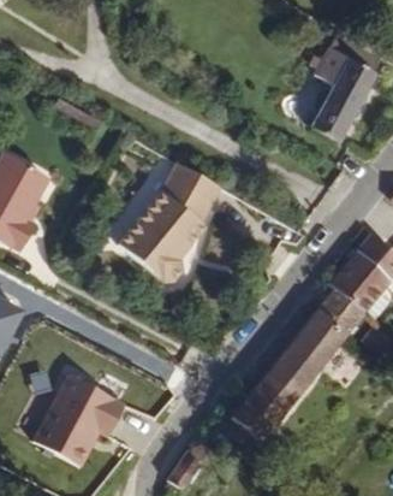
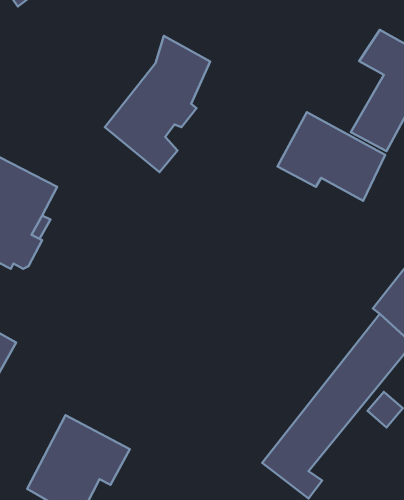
building: none -> [278,112,385,201]
building: [115,155,208,276] -> [105,36,210,172]

